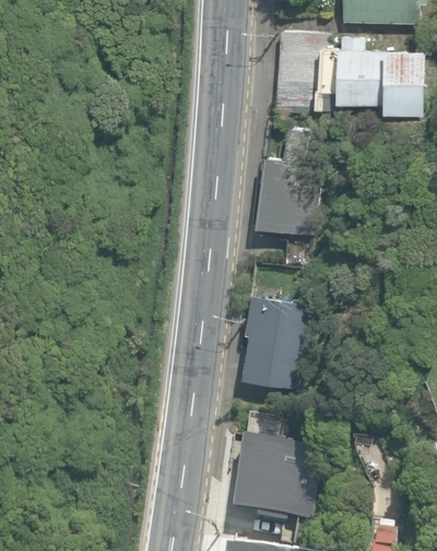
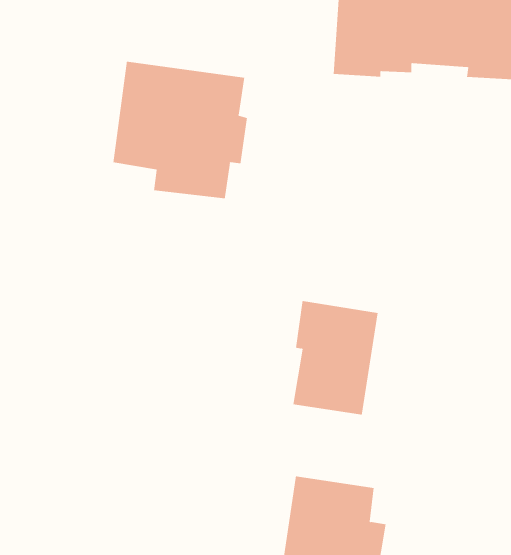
building: none -> [113,61,247,199]
building: [256,130,323,236] -> none

